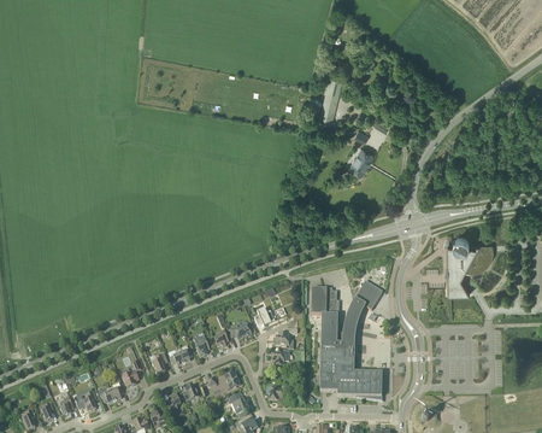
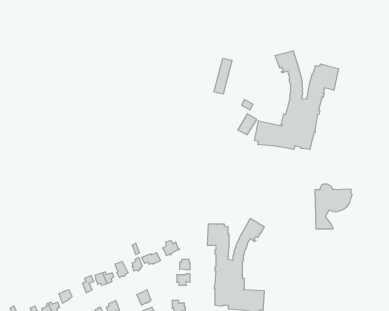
building: none -> [254,51,338,150]

